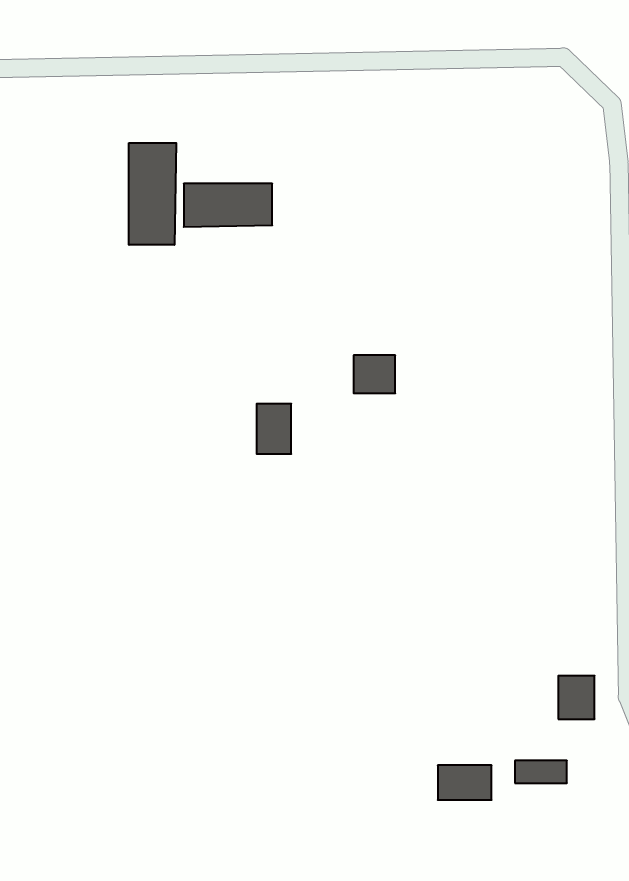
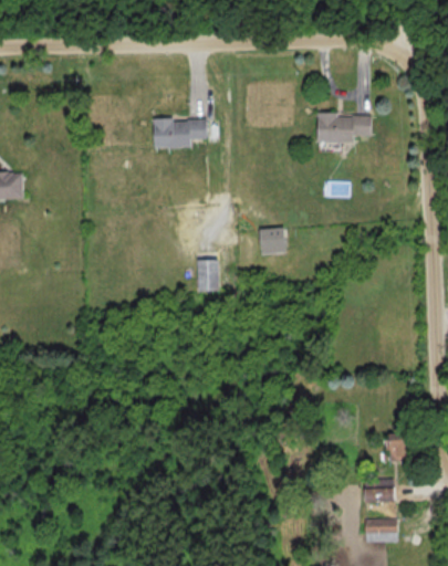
building: [129,143,176,245] -> none
building: none -> [316,115,372,143]
building: [438,765,492,800] -> [362,518,396,541]

